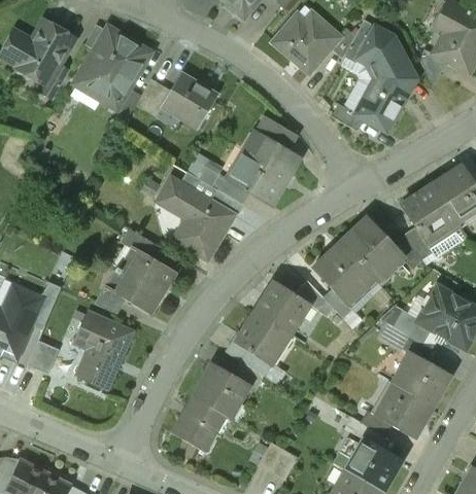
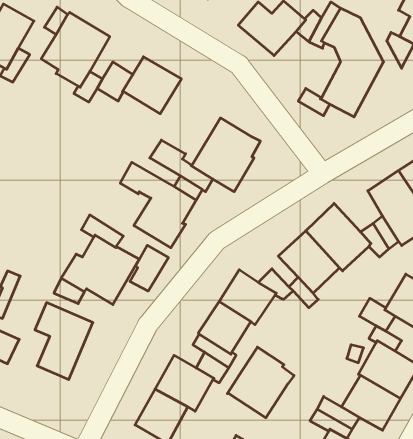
building: [257,118,296,151] -> none
building: none -> [130,245,168,291]
building: none -> [227,347,294,418]

